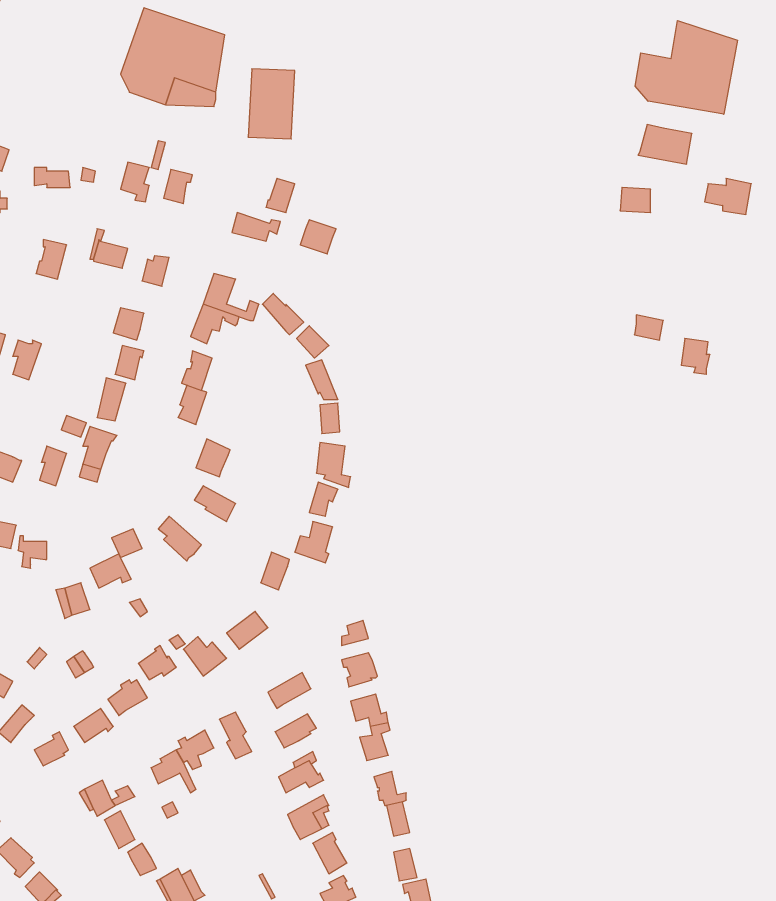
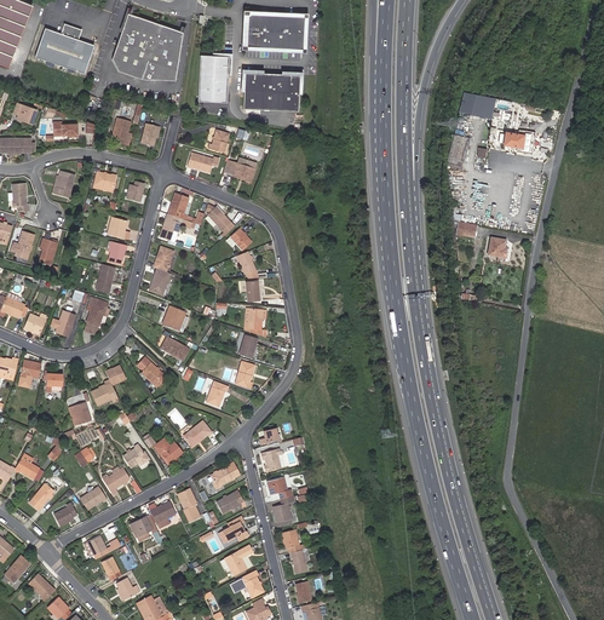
building: none -> [243,15,304,51]
building: [635,21,737,114] -> none
building: none -> [35,24,93,74]
building: none -> [242,74,299,111]

